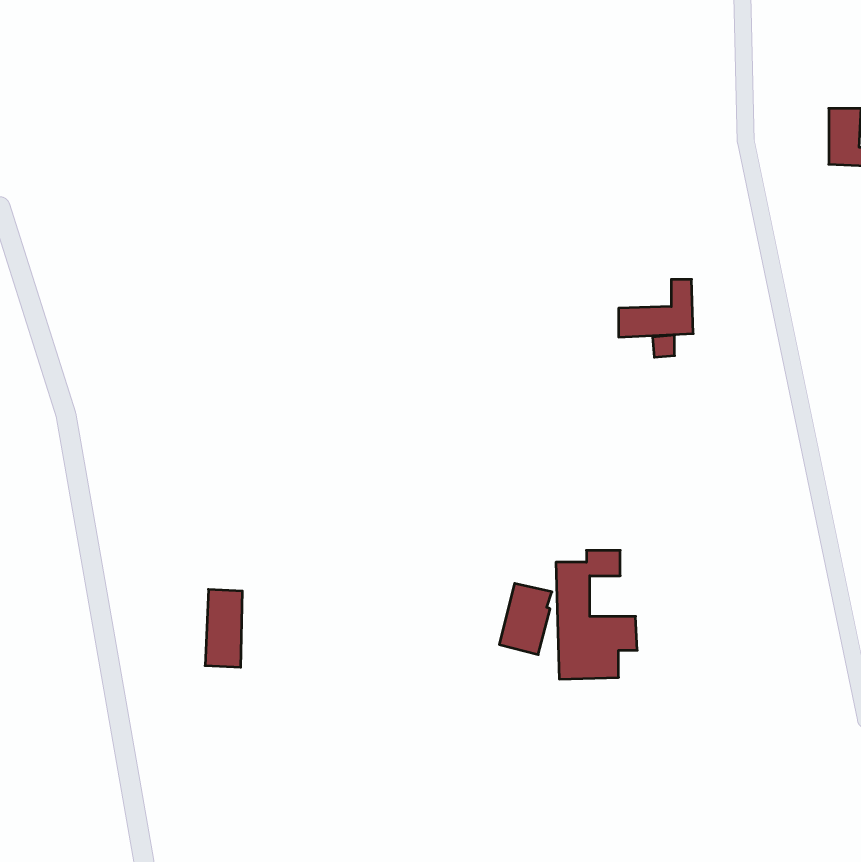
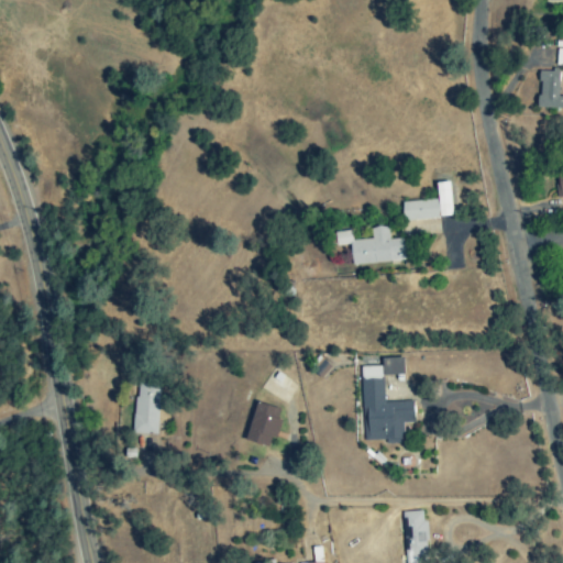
building: none -> [336,225,407,264]
building: [499,583,552,655] -> [249,401,283,448]
building: none -> [405,510,429,555]

